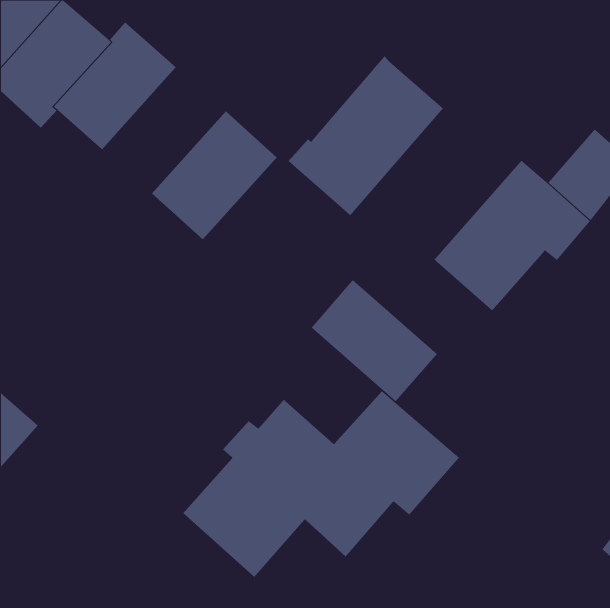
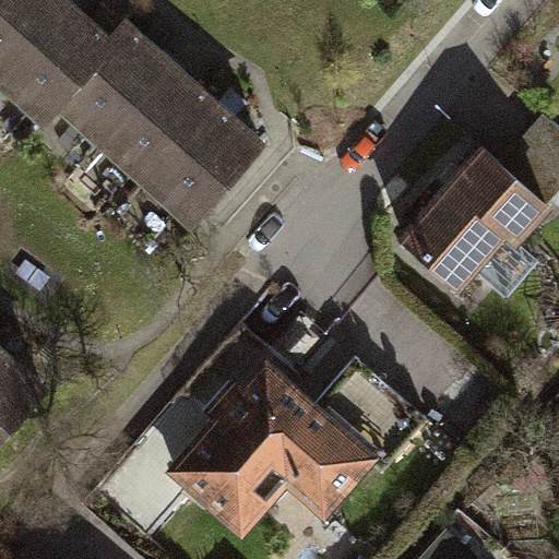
building: [288,56,444,216] -> none
building: none -> [96,67,209,181]
building: [311,279,438,402] -> none

